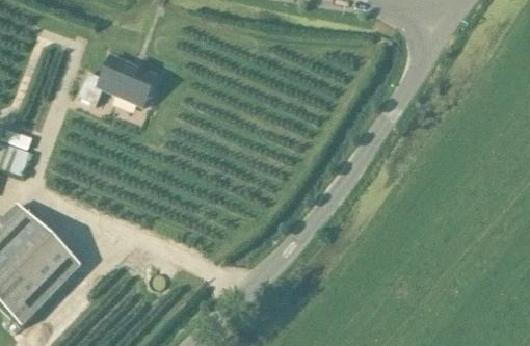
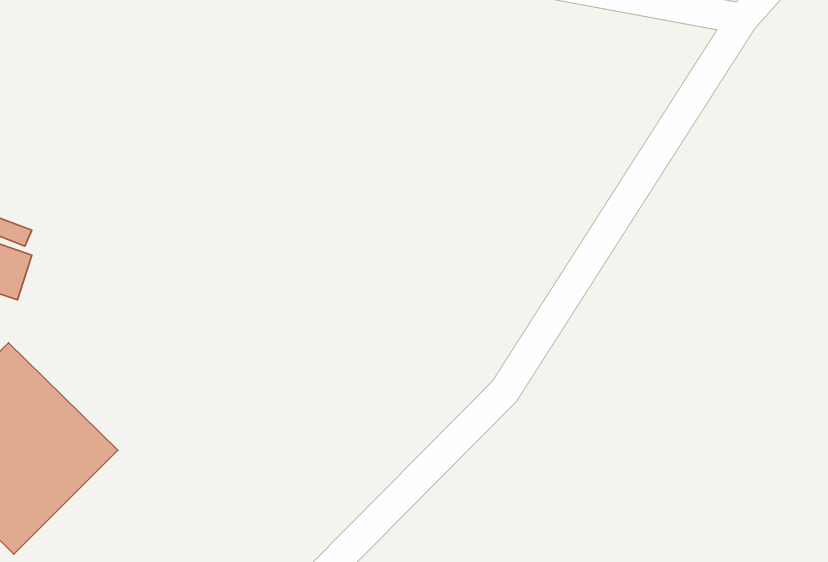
building: [78,55,156,105] -> none

